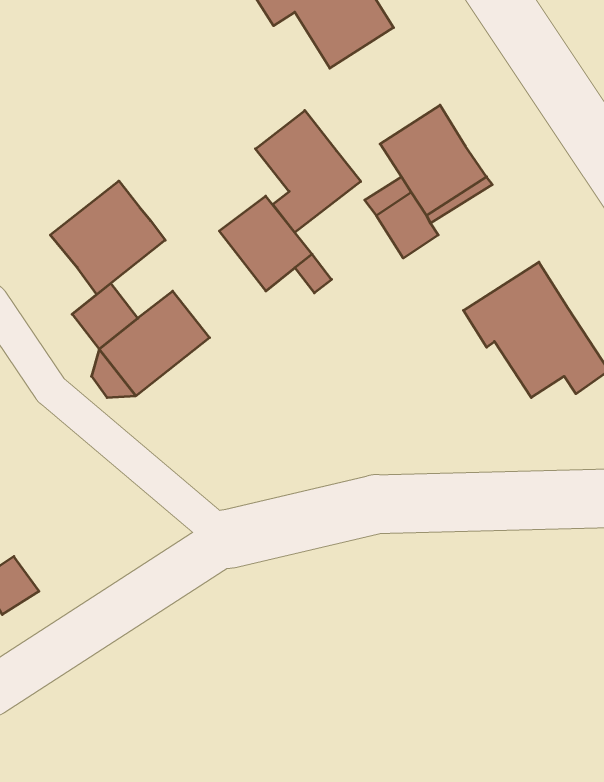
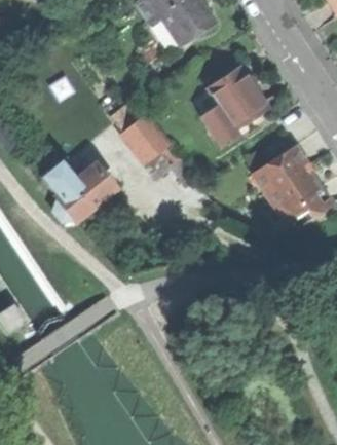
building: [255,110,361,233] -> none
building: [50,181,165,294] -> none

